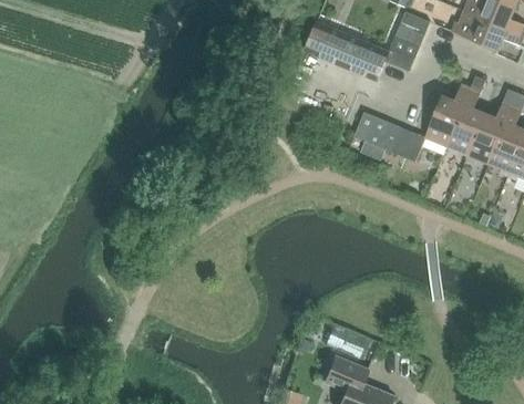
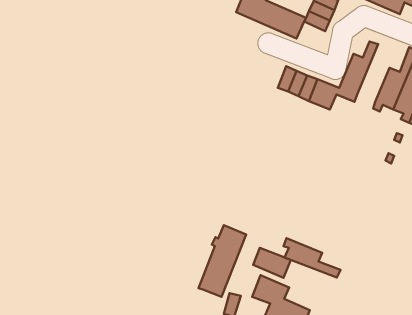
building: [446,76,485,154] -> none
building: none -> [198,225,246,297]
building: none -> [283,238,340,278]

